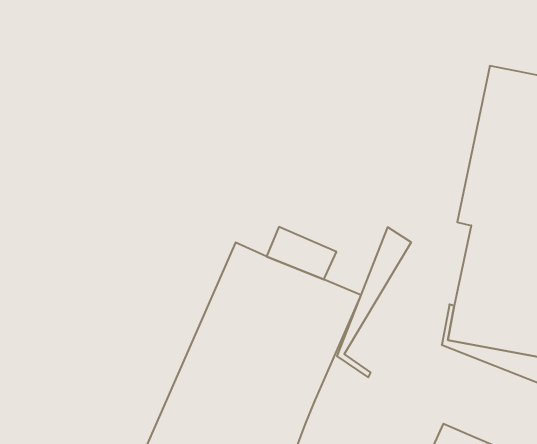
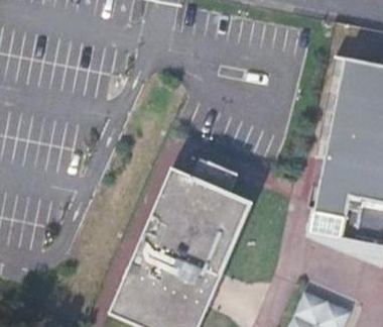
building: [337,227,411,377] -> none

